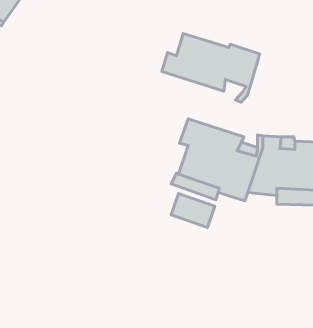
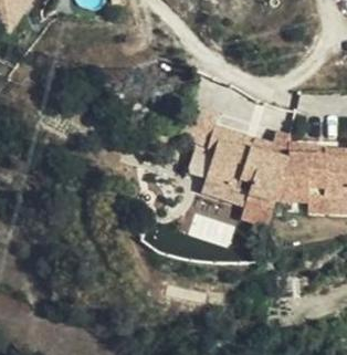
building: [162,33,260,102] -> none

